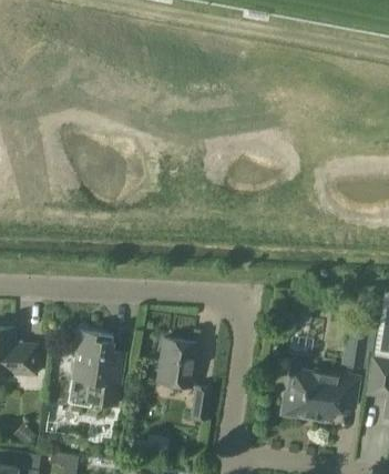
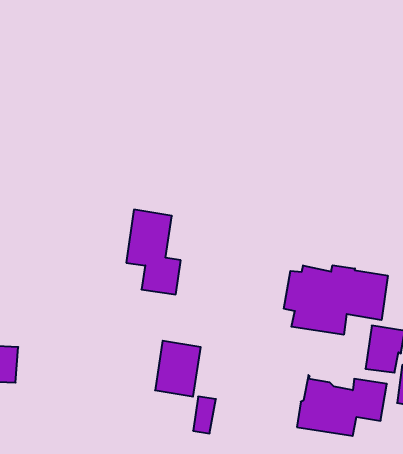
building: none -> [284,265,388,335]
building: [72,331,120,405] -> [126,210,181,294]

